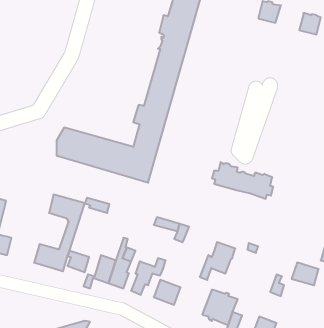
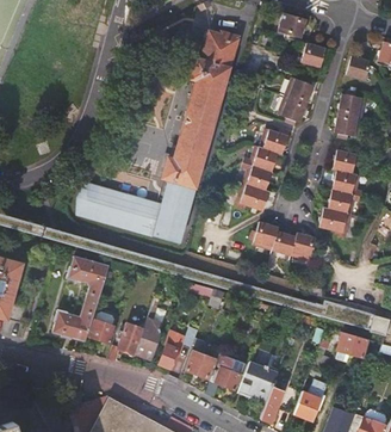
building: none -> [278,76,315,125]
building: none -> [334,91,366,138]
building: none -> [235,128,290,210]
building: none -> [319,146,364,237]
building: [200,242,235,280] -> [206,356,246,397]

